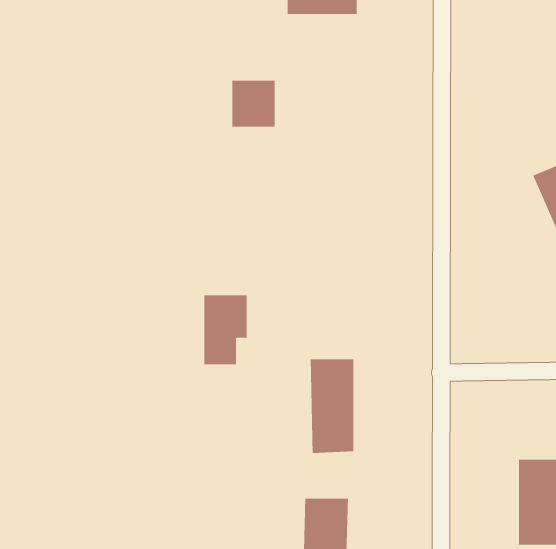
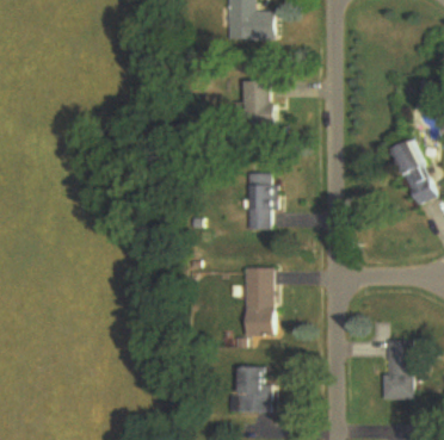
building: [232,80,276,127] -> [246,95,276,128]
building: [203,295,247,365] -> [246,181,276,229]

